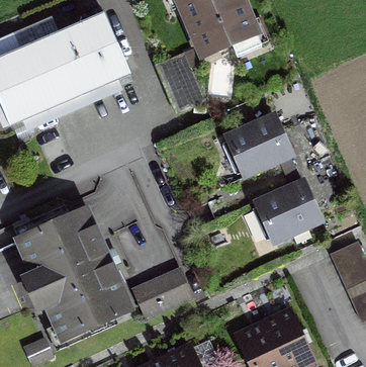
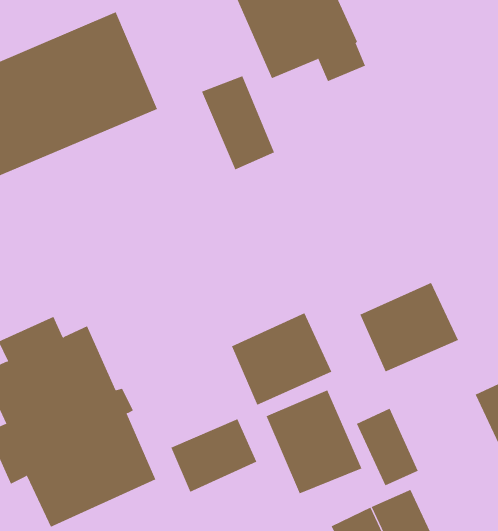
building: [227,116,291,175] -> [231,313,332,406]
building: none -> [266,389,362,494]
building: none -> [356,408,418,486]

